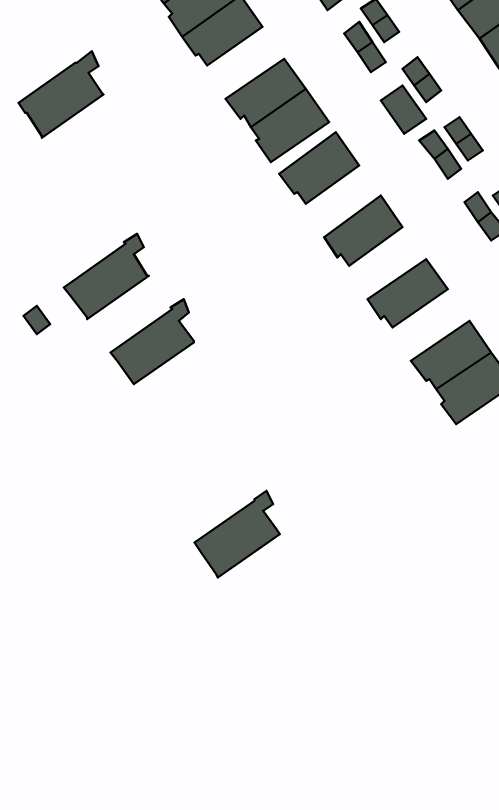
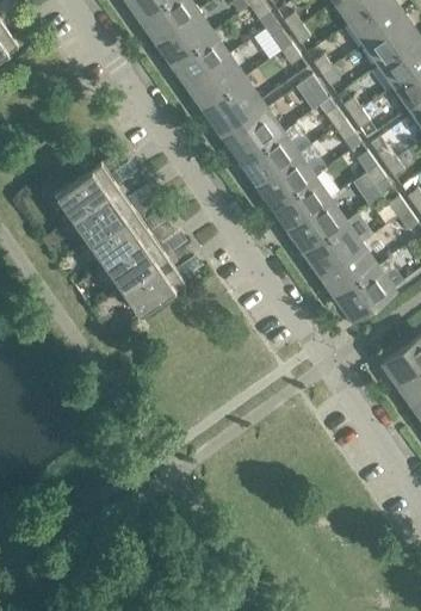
building: none -> [173,33,228,85]
building: [18,51,103,138] -> [54,158,114,220]
building: none -> [243,132,297,184]
building: none -> [274,177,329,228]
building: none -> [87,205,148,266]
building: none -> [305,221,360,272]
building: [195,491,280,578] -> [120,252,181,314]

